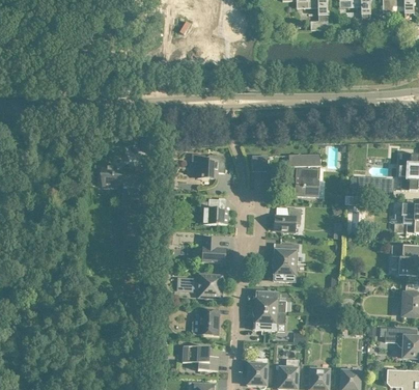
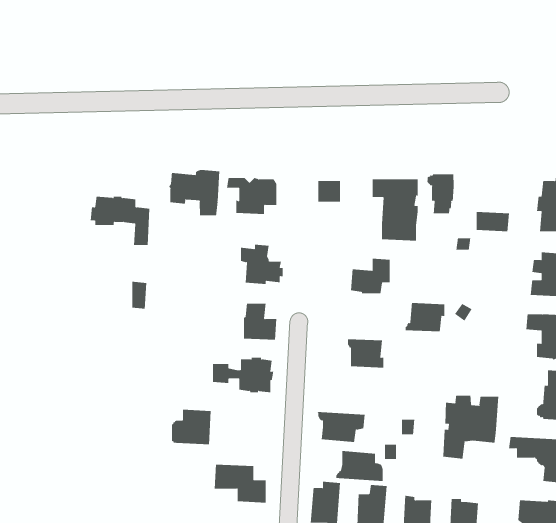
building: none -> [168,169,220,216]
building: none -> [427,174,454,214]
building: [271,243,299,262] -> [403,302,445,332]
building: [251,291,284,312] -> [334,450,384,481]
building: none -> [443,395,499,459]
building: [192,310,219,334] -> [171,409,212,445]

